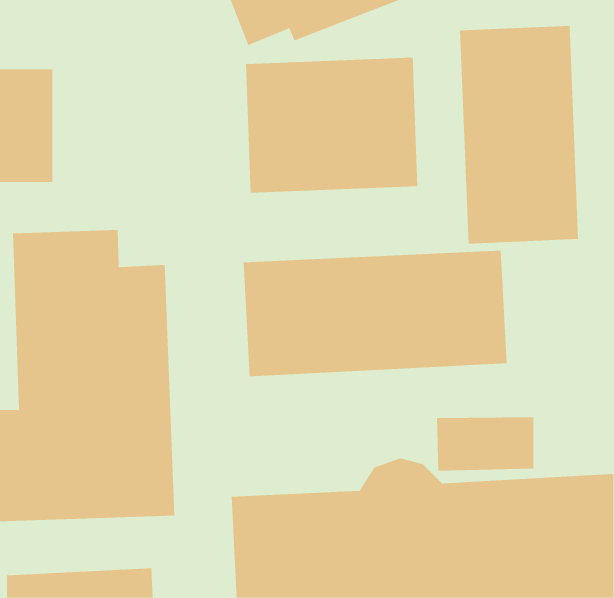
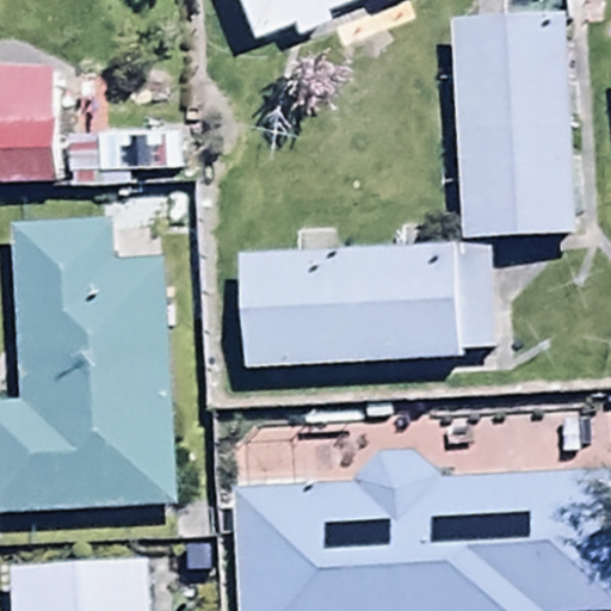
building: [245,57,418,193] -> none

